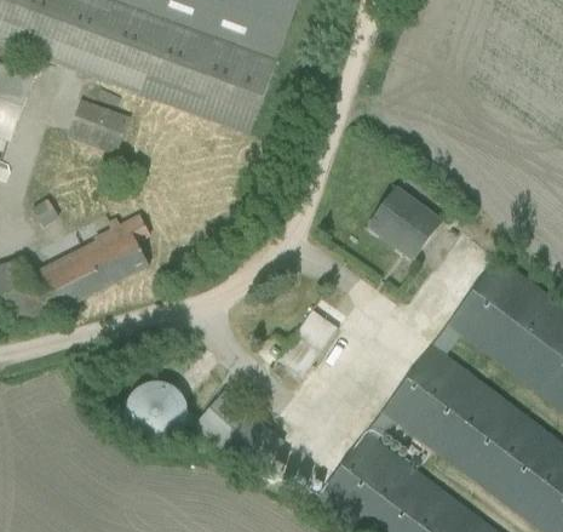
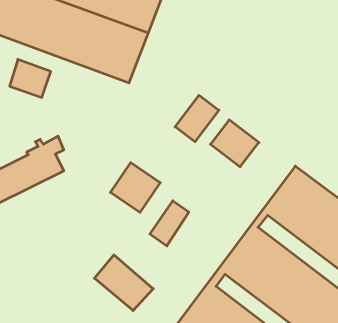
building: none -> [175,95,219,142]
building: none -> [110,163,160,212]
building: [131,385,185,440] -> none

